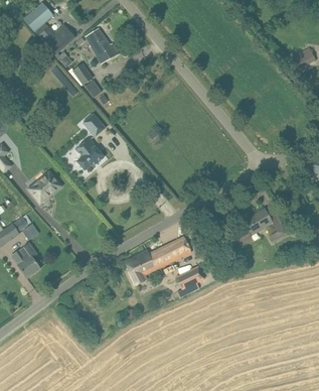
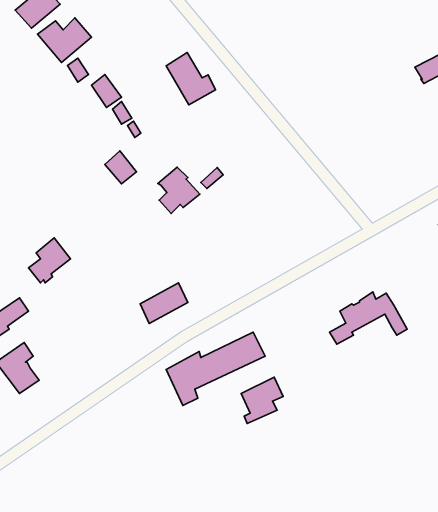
building: [85,28,118,63] -> [166,52,216,105]
building: [75,139,104,170] -> [158,167,200,213]
building: none -> [140,283,188,323]

